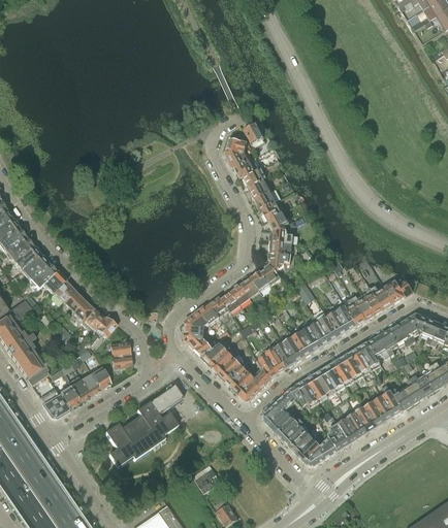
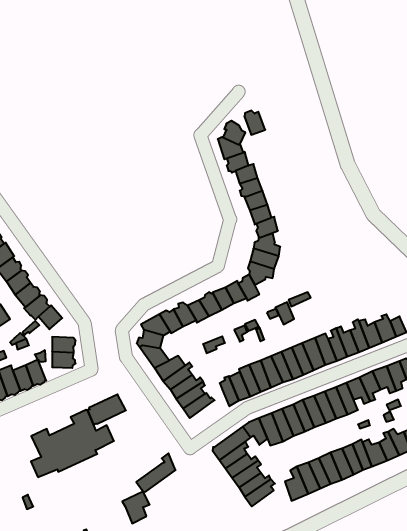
building: [238,365,270,401] -> [136,453,176,492]
building: [303,435,337,466] -> none

